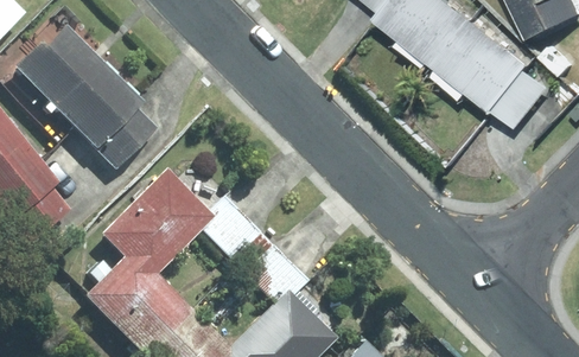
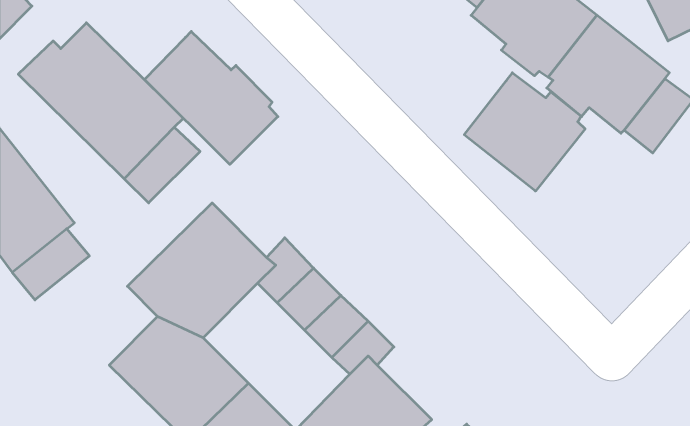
building: none -> [145,31,278,164]
building: none -> [464,73,585,191]

